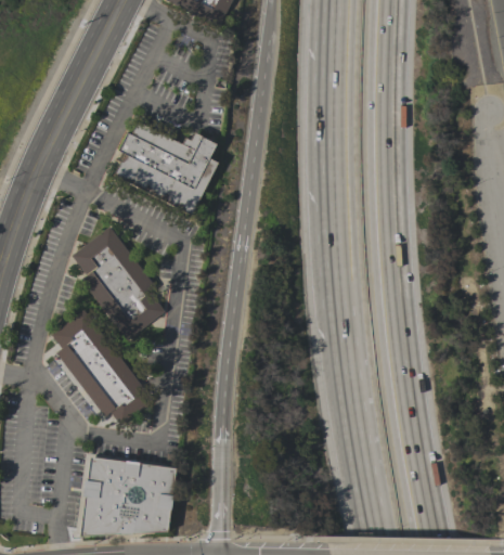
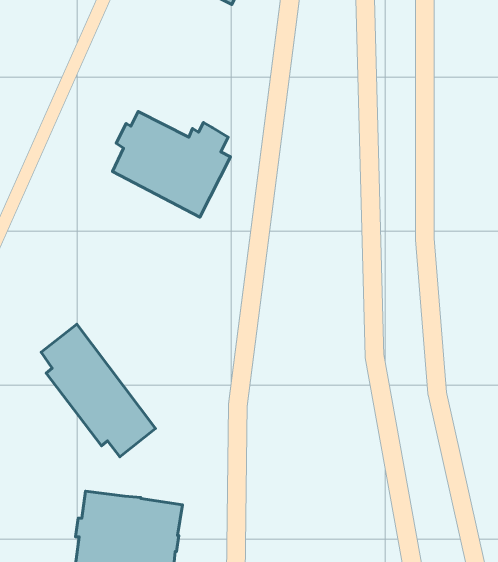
building: [72,225,165,340] -> none

